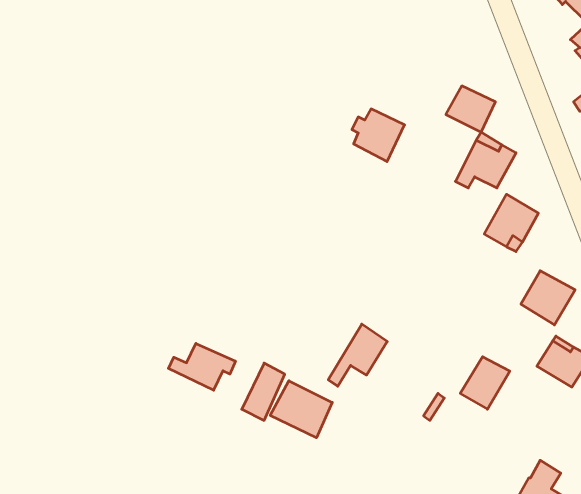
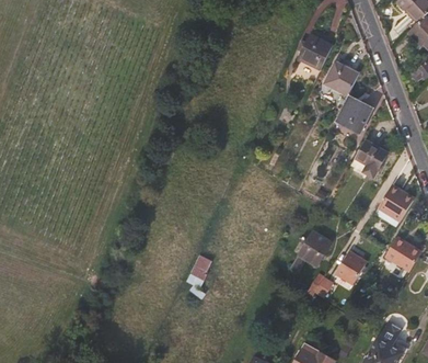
building: [352,109,405,162] -> [297,34,333,70]
building: [328,324,387,386] -> [290,230,331,273]
building: [168,343,235,390] -> none
building: [270,381,332,438] -> none

